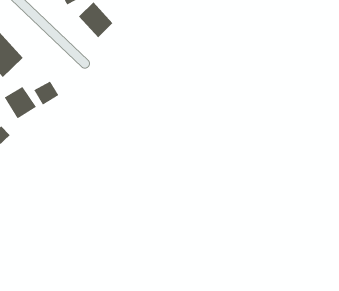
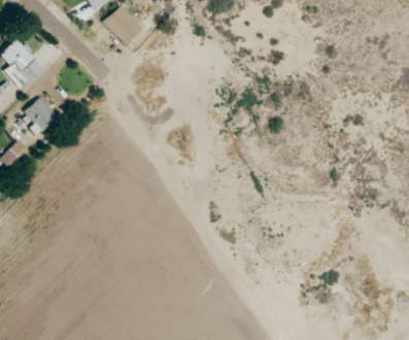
building: [33,81,59,106] -> none

